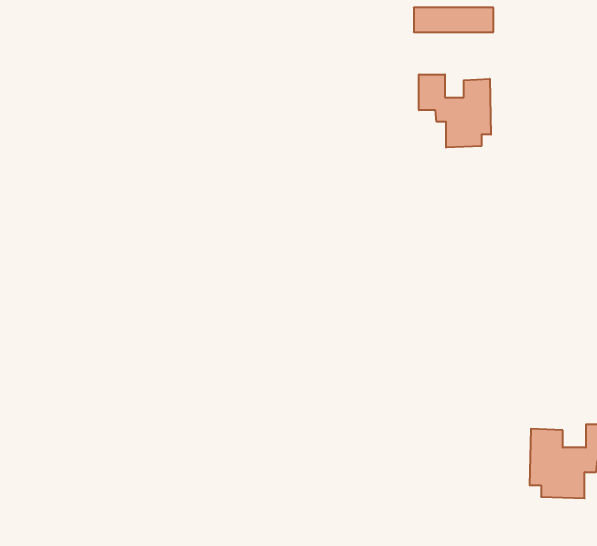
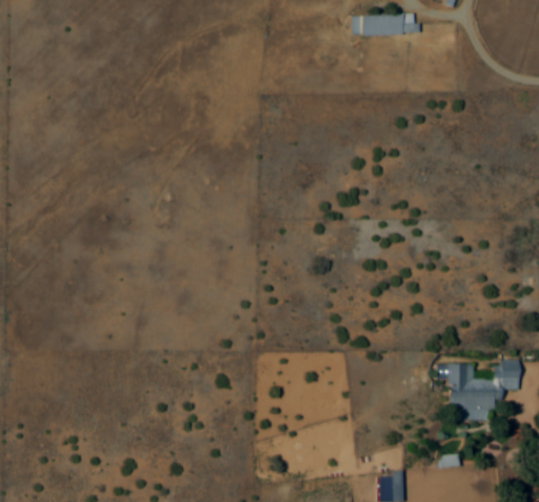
building: [419,74,491,148] -> none

